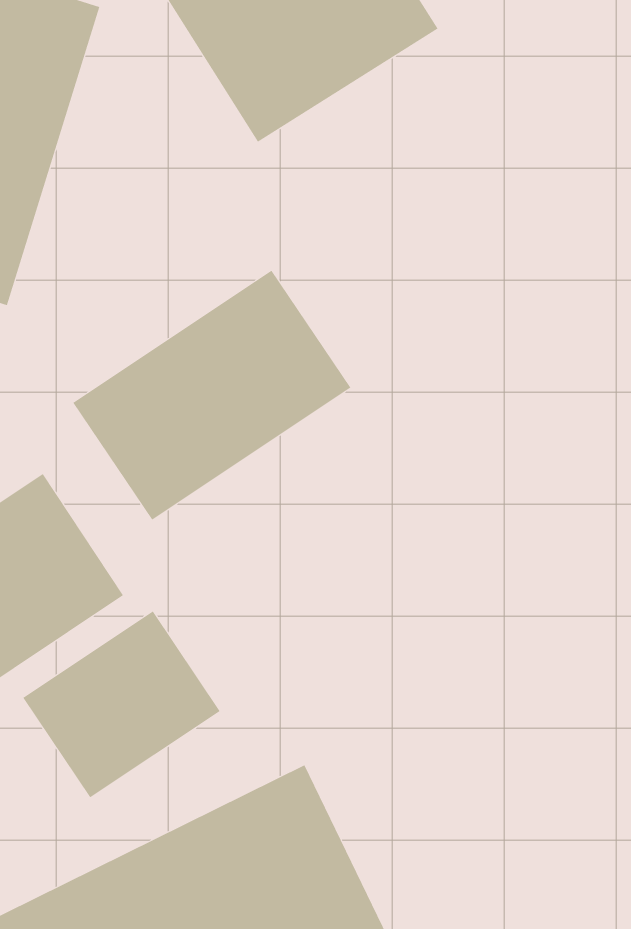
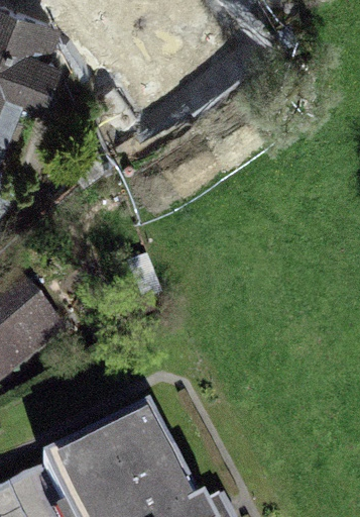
building: [73,270,351,521] -> none
building: [23,611,221,798] -> none

